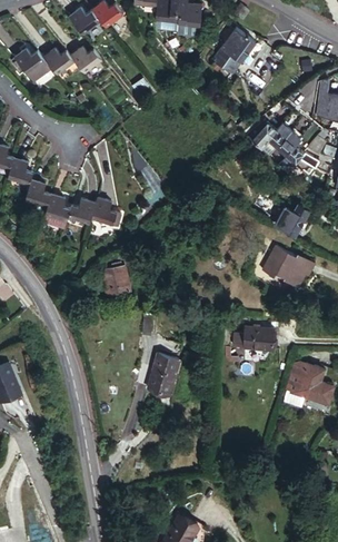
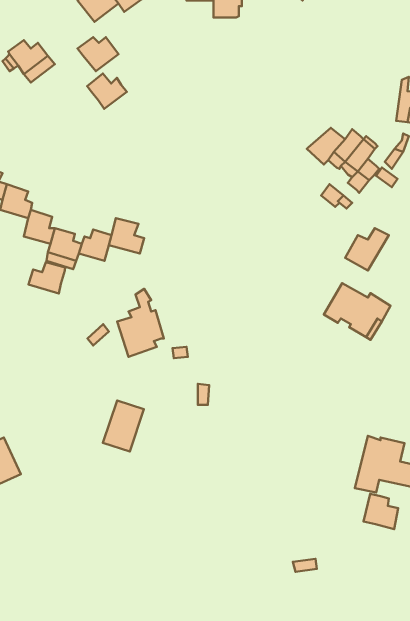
building: [213,28,258,78] -> none
building: [42,46,73,73] -> [87,74,127,109]
building: none -> [28,262,65,294]
building: [236,327,276,347] -> none
building: [150,352,182,392] -> [103,401,144,451]
building: none -> [364,494,398,529]

